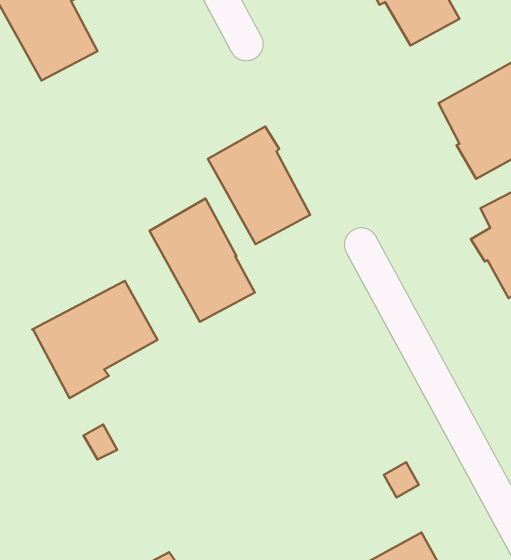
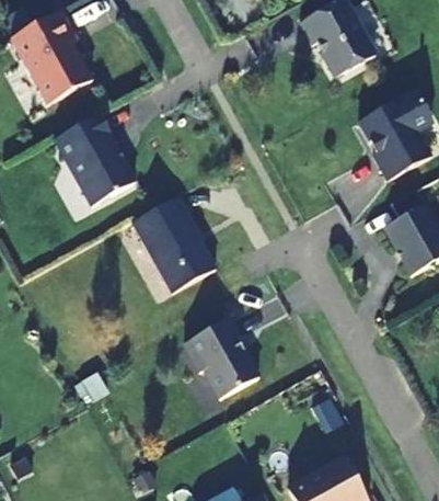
building: [208,126,310,244] -> [55,113,135,205]
building: [32,281,158,398] -> none
building: none -> [184,317,257,398]

